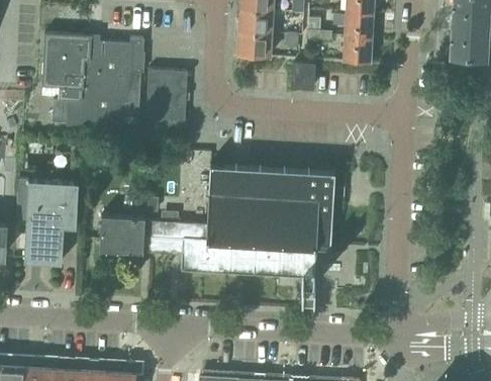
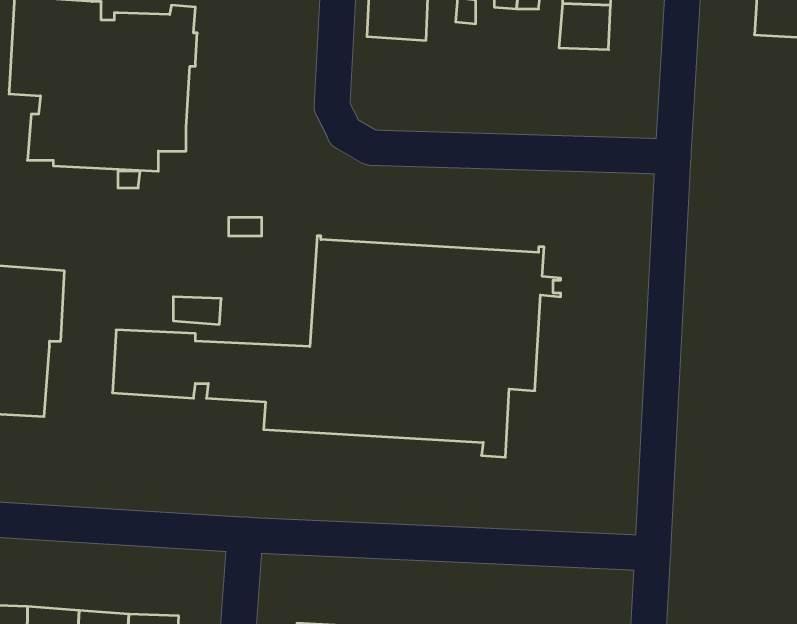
building: [292,63,314,88] -> none
building: [146,69,187,140] -> none

